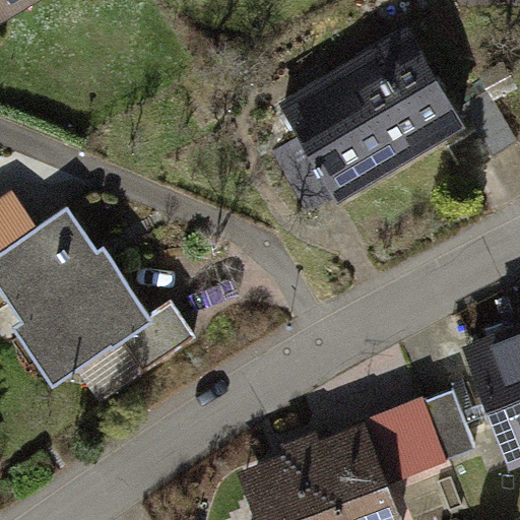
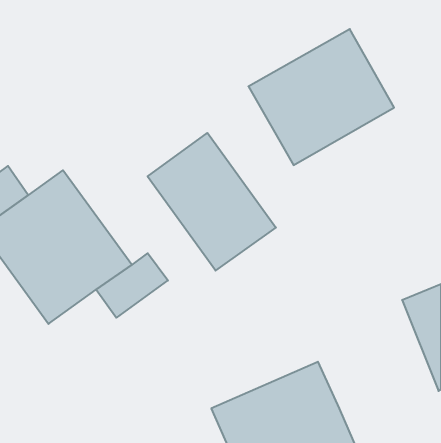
building: none -> [148,133,276,271]
building: [366,388,476,479] -> none

